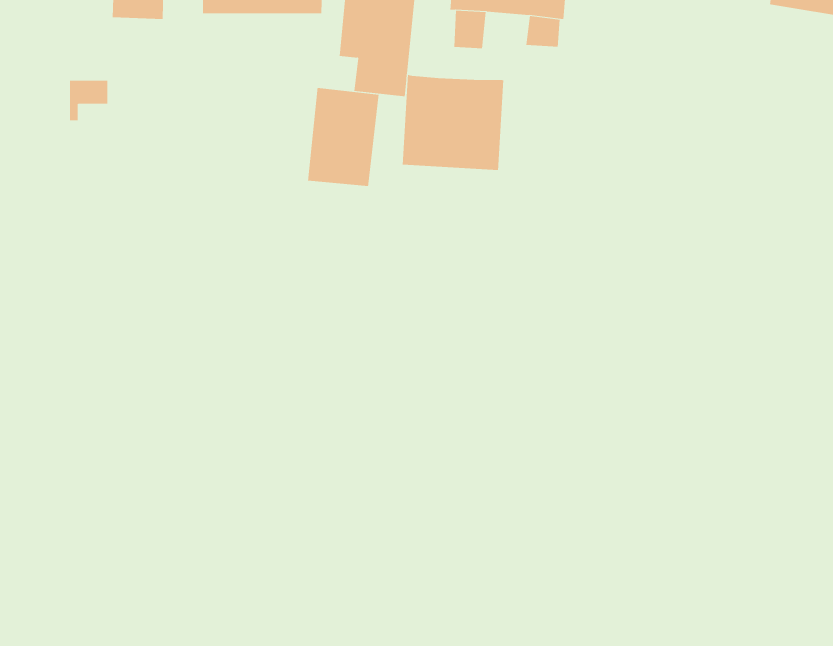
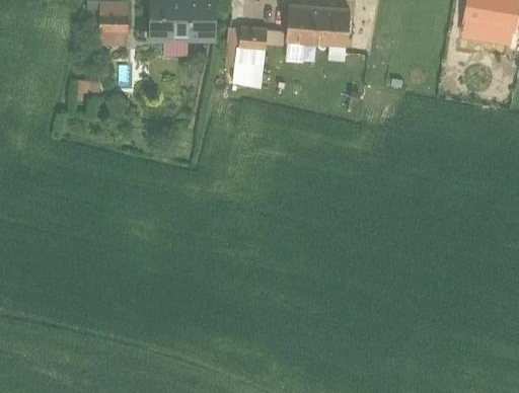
building: [402,74,504,171] -> none
building: [308,87,379,187] -> none

